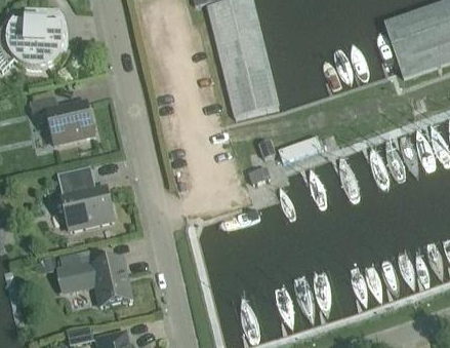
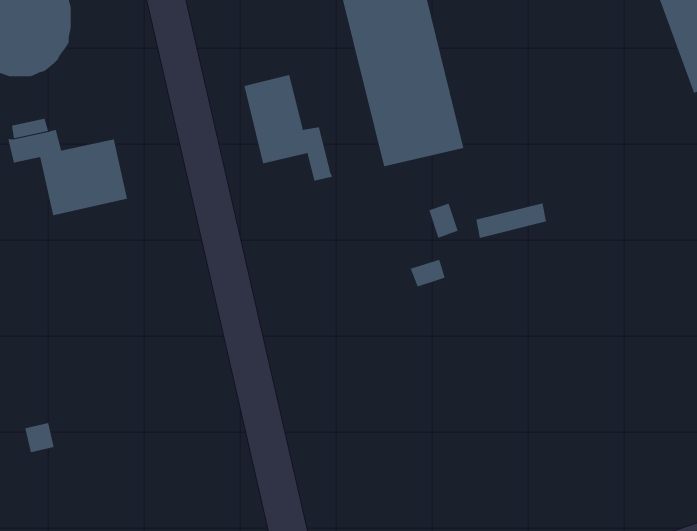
building: none -> [244,74,333,181]
building: [56,166,114,230] -> none
building: [59,247,131,306] -> none

